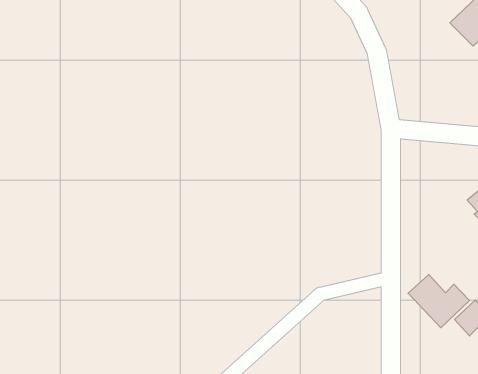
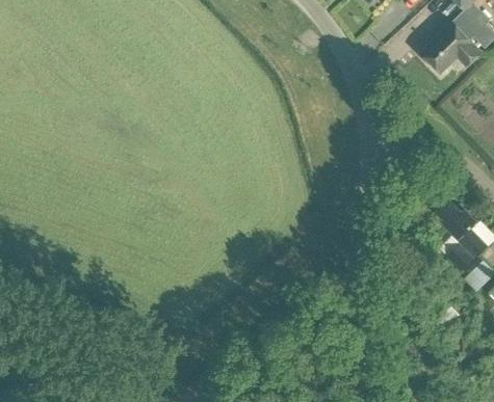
building: [408,274,470,328] -> none

